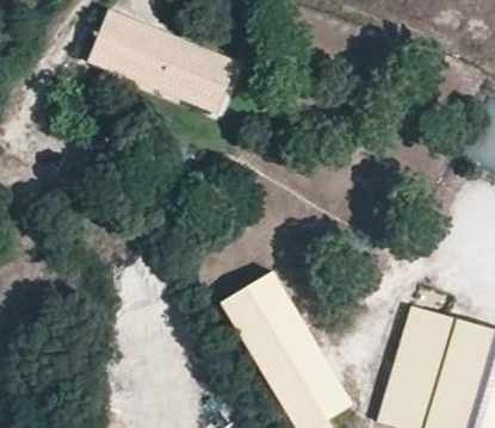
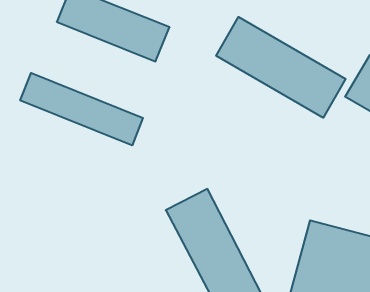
building: none -> [216,17,346,118]
building: none -> [20,73,143,145]

